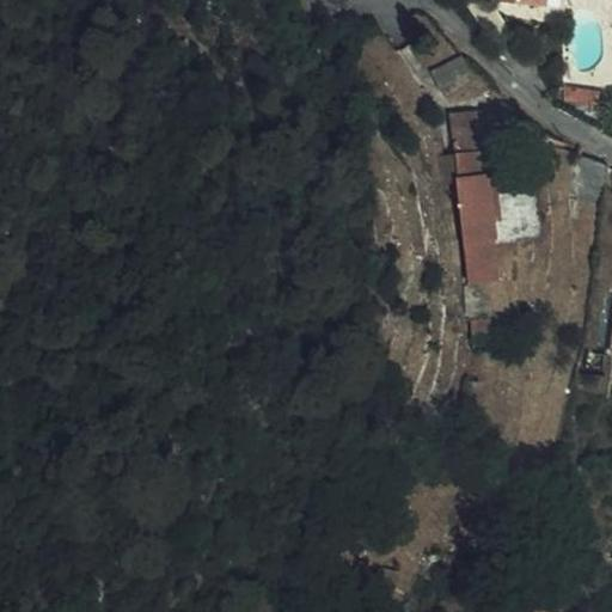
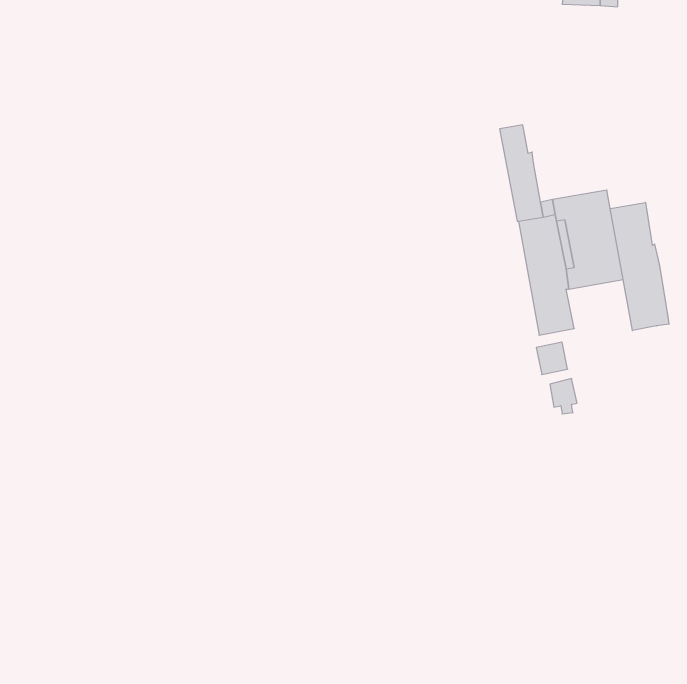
building: none -> [610,202,669,331]

